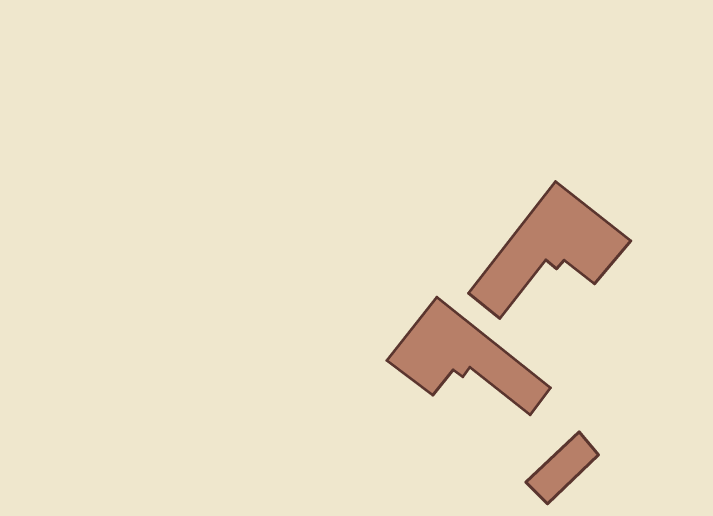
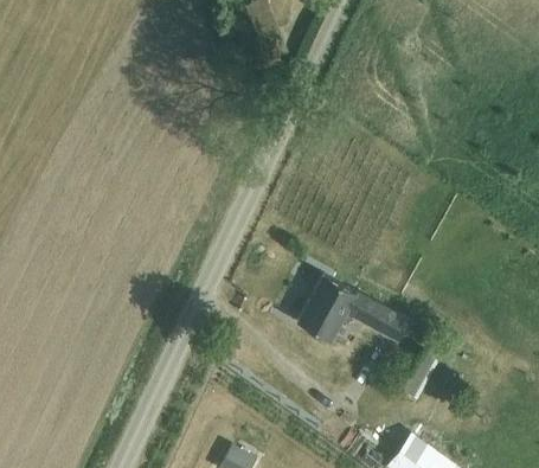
building: [468,181,631,319] -> none

